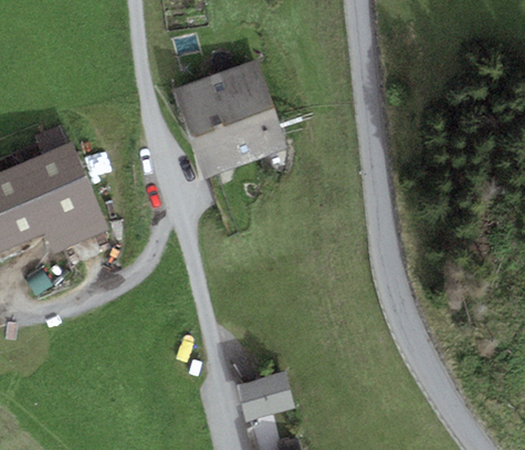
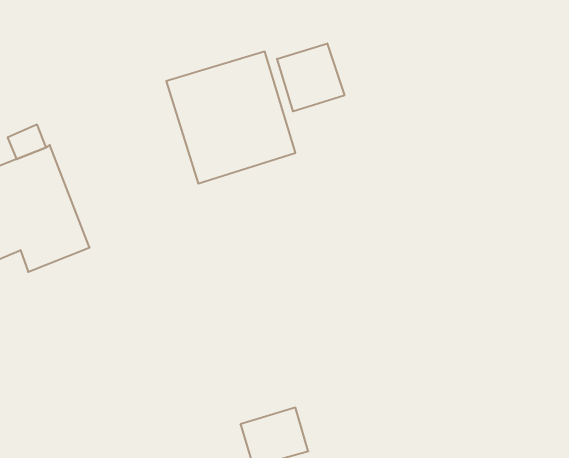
building: none -> [277,43,344,111]

